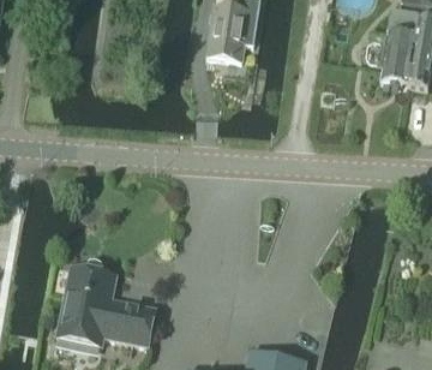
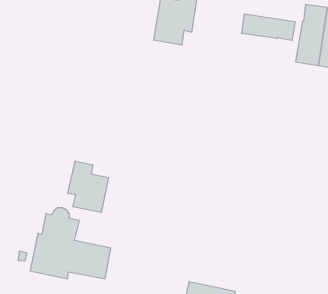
building: none -> [242,14,295,41]
building: none -> [68,161,109,212]

